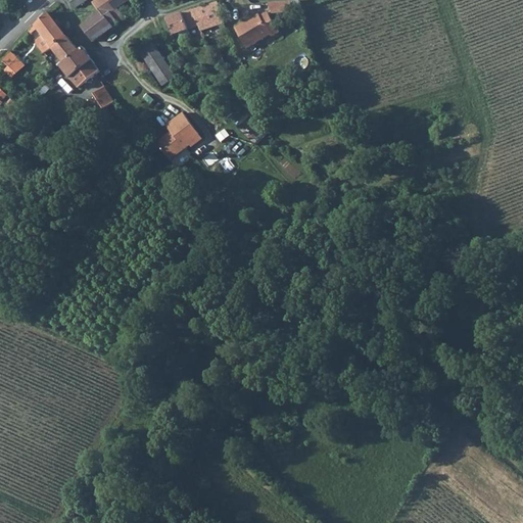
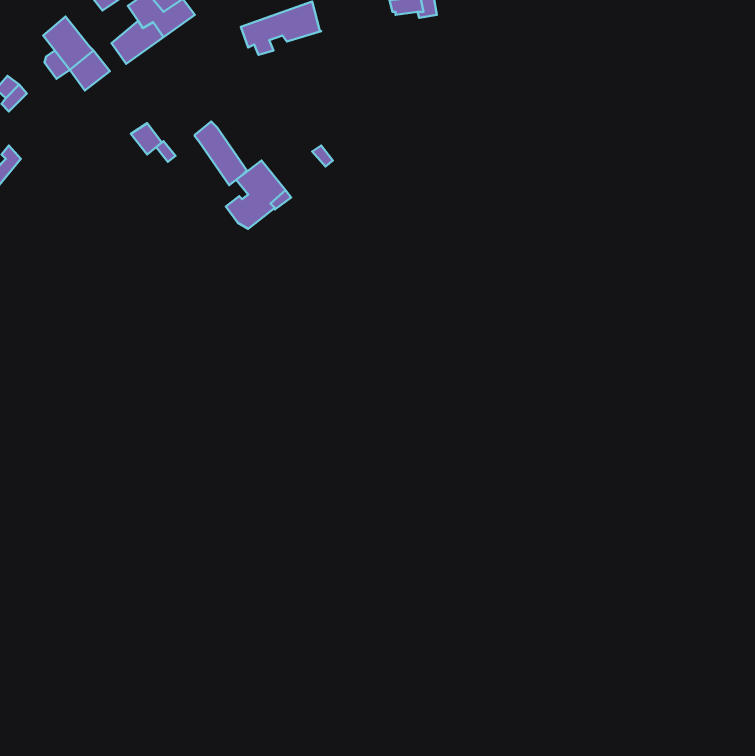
building: [235,11,278,45] -> none
building: [138,40,174,84] -> [195,121,247,185]
building: [55,46,96,88] -> none

